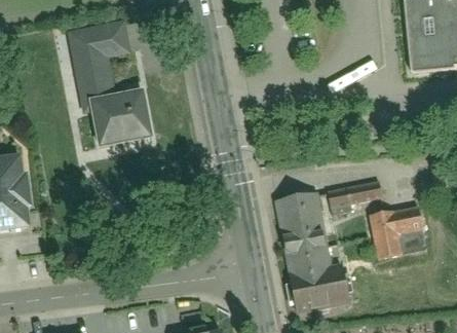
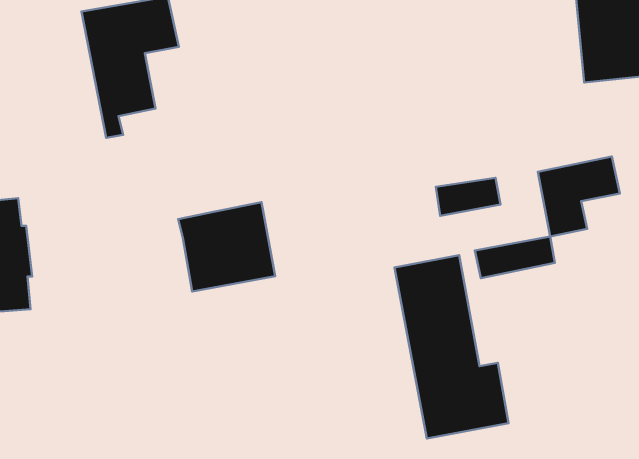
building: [90,86,155,146] -> [178,202,275,292]
building: none -> [436,178,501,216]
building: [369,202,423,256] -> [538,156,620,237]

